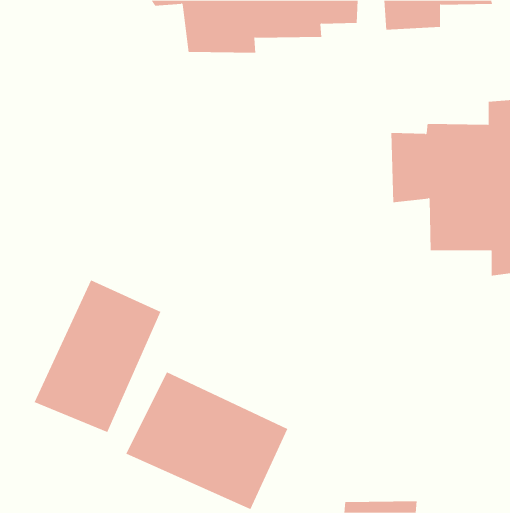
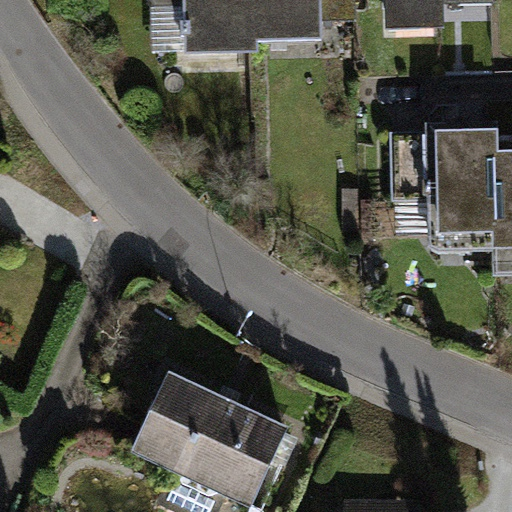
building: [34,279,161,433] -> none

